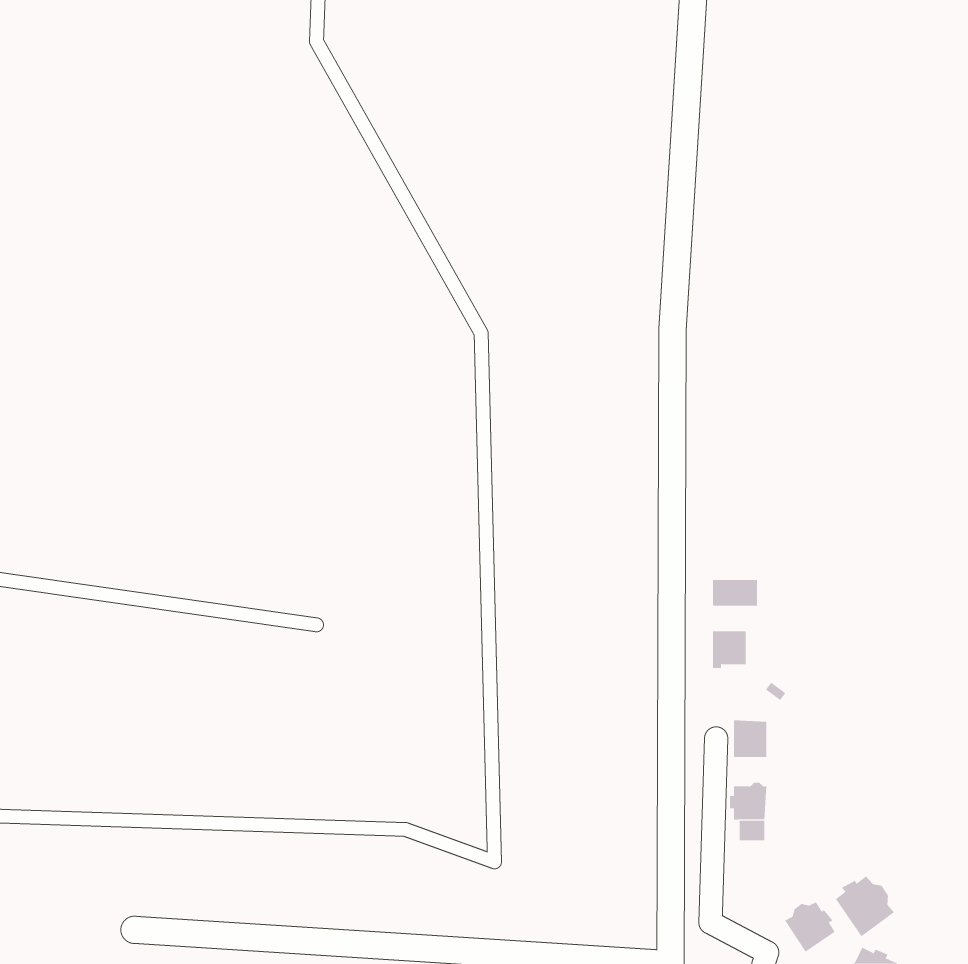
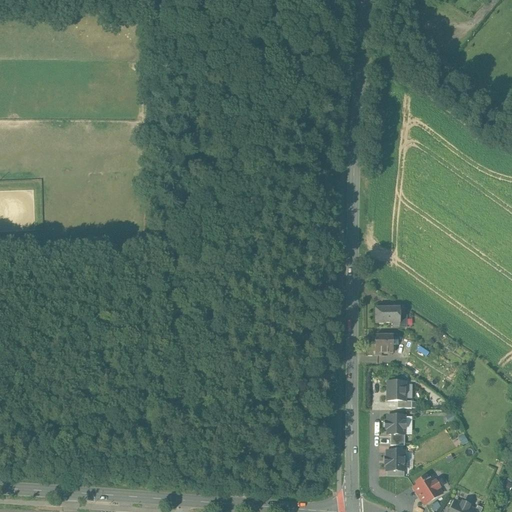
building: none -> [385,448,406,469]
building: [835,875,895,937] -> none

